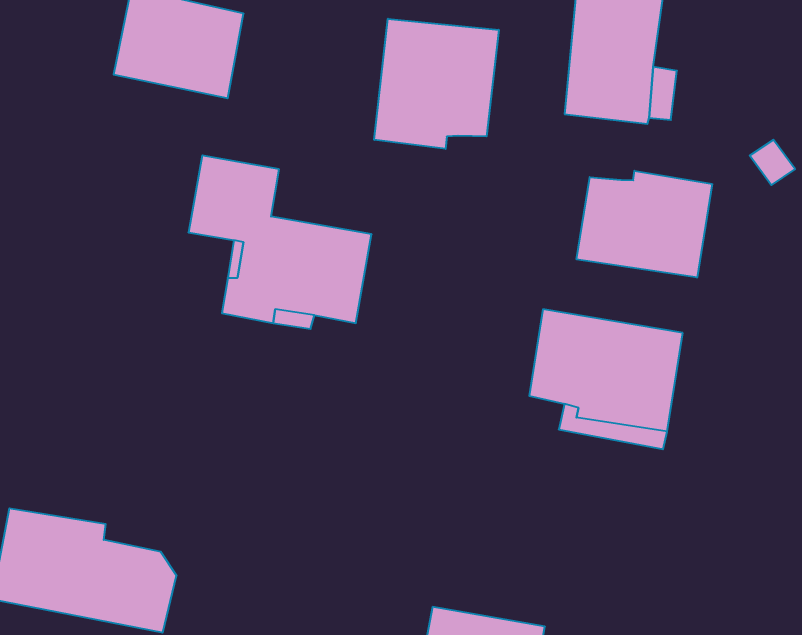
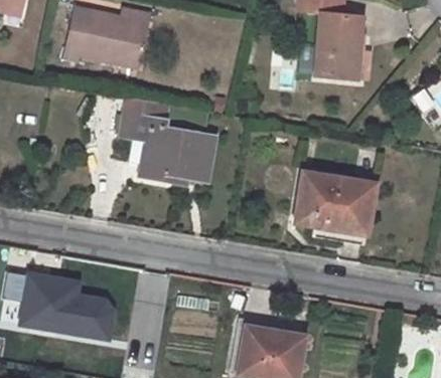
building: [374,19,499,149] -> none
building: [577,171,712,278] -> none

